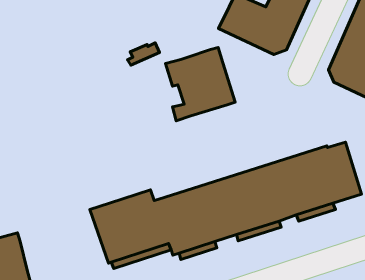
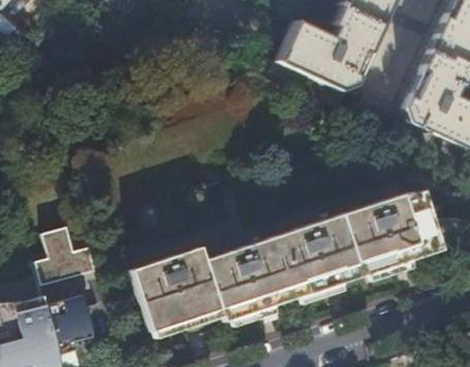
building: [165,48,235,121] -> none
building: none -> [36,225,97,284]
building: none -> [47,296,94,341]

